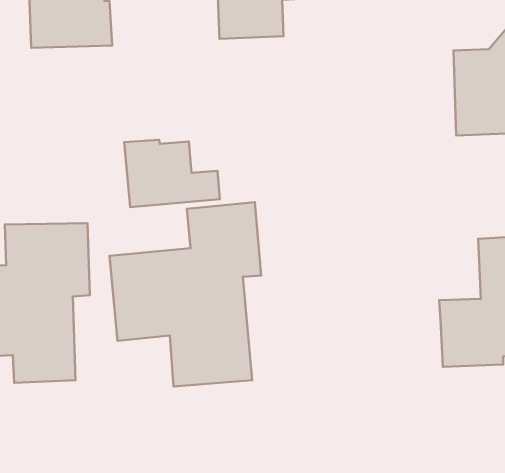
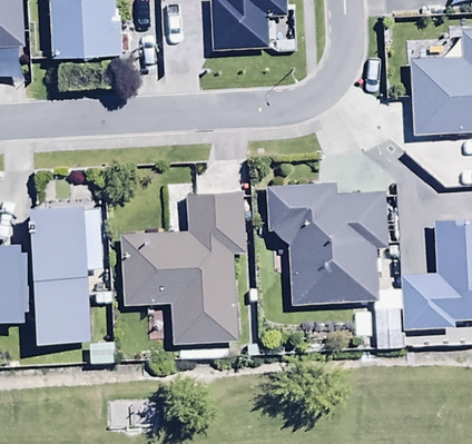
building: [124,140,220,207] -> none
building: none -> [265,185,403,348]

